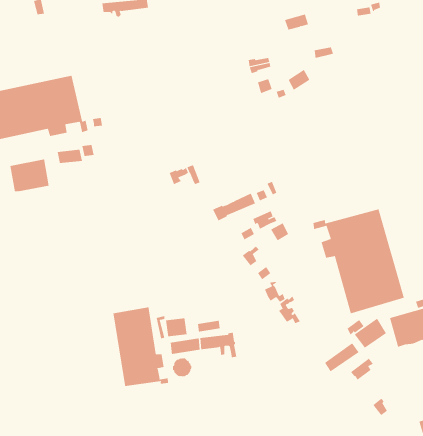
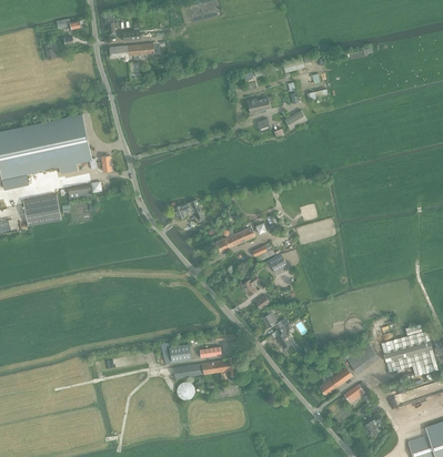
building: [313,208,405,314] -> none
building: [113,307,168,387] -> none

